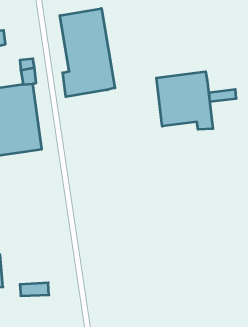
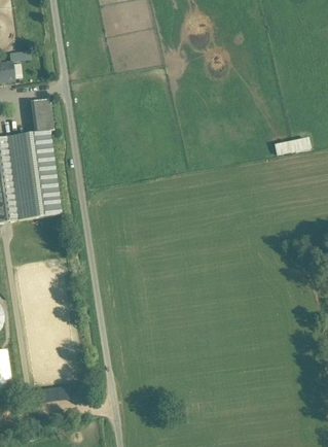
building: [60,8,115,97] -> none
building: [156,72,213,129] -> none

